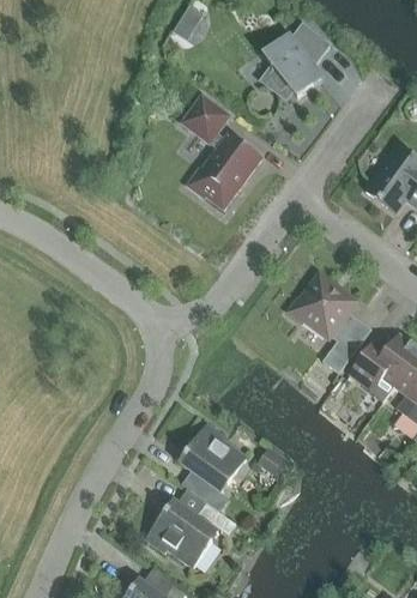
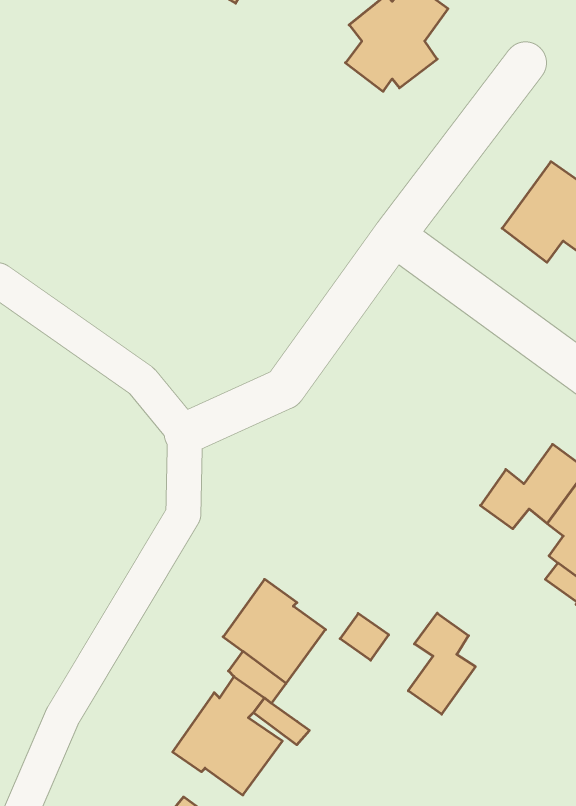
building: [182,92,261,207] -> none
building: [289,273,371,372] -> none
building: none -> [408,613,475,714]

